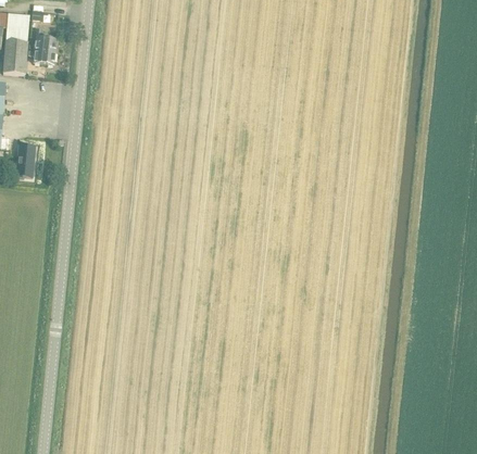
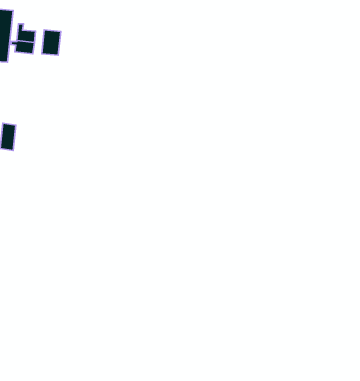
building: none -> [42,30,61,55]

